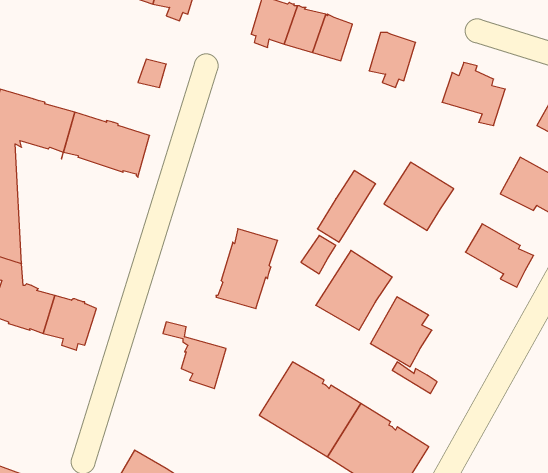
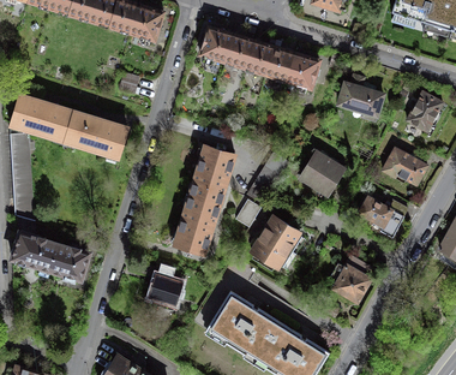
building: none -> [265,47,294,81]
building: none -> [191,144,235,203]
building: [370,297,432,367] -> [330,252,374,303]

